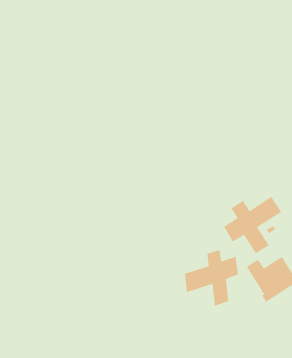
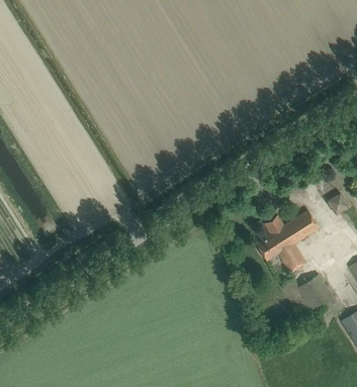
building: [184,249,239,307] -> none

